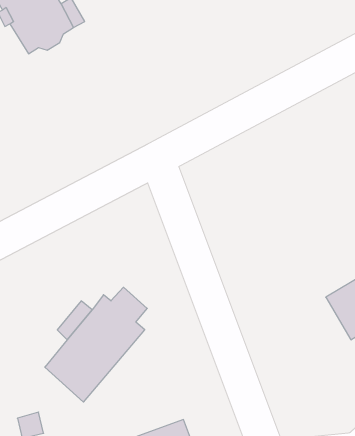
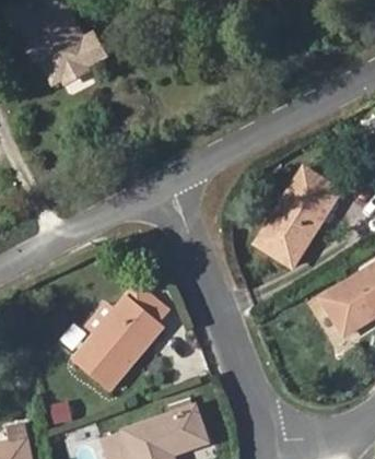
building: none -> [254,168,340,270]

